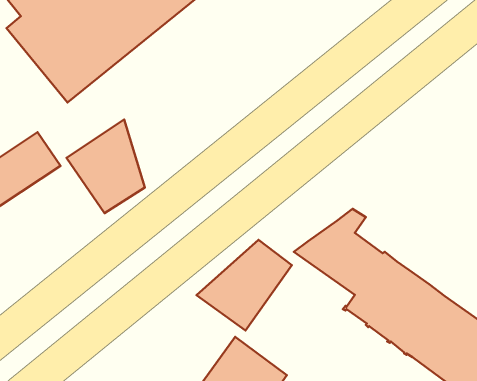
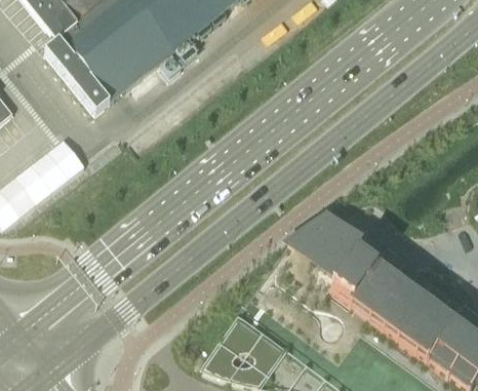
building: [67,120,145,213] -> none
building: [196,240,292,331] -> none

